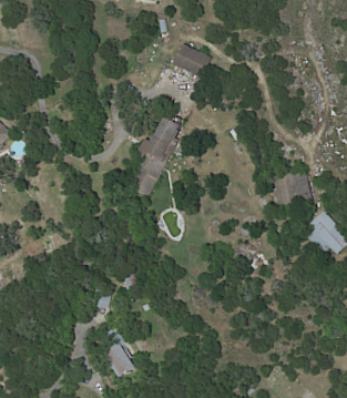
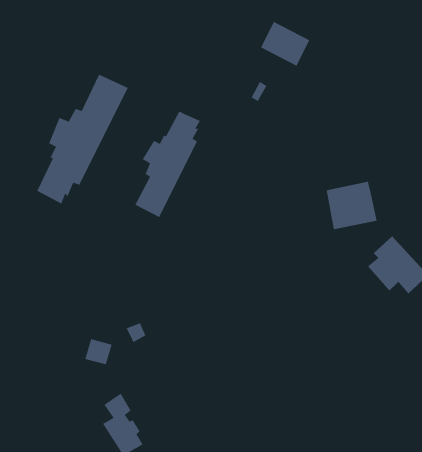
building: [173,44,211,79] -> [260,21,310,67]
building: none -> [37,74,128,205]

